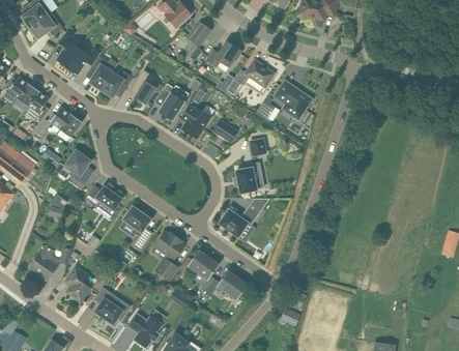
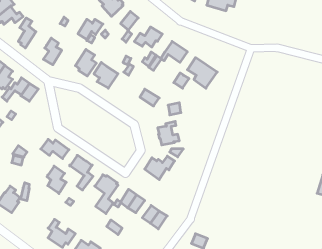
building: [65,48,101,75] -> none
building: [101,71,133,97] -> [78,19,103,39]
building: [180,106,210,139] -> none
building: [65,148,93,184] -> none
building: [65,267,90,302] -> [47,166,66,194]

